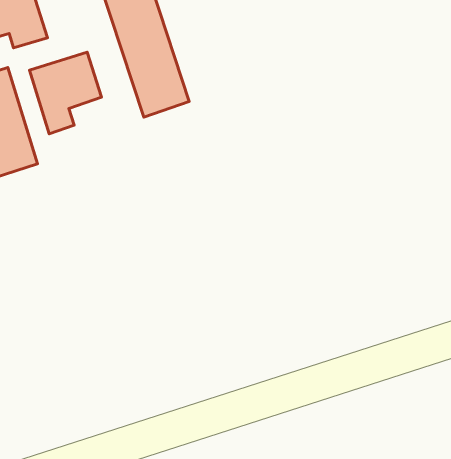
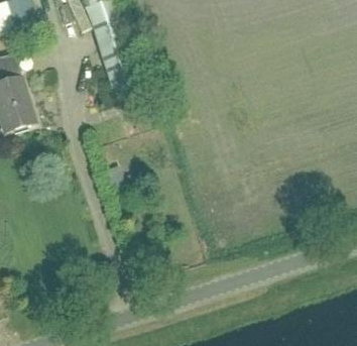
building: [29,52,101,134] -> none

